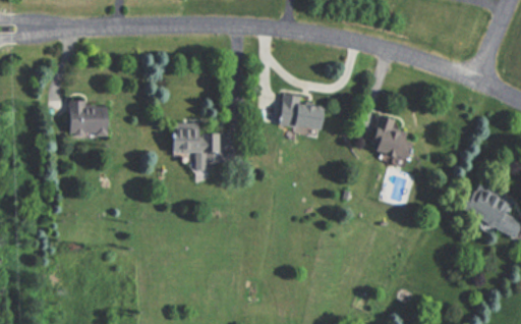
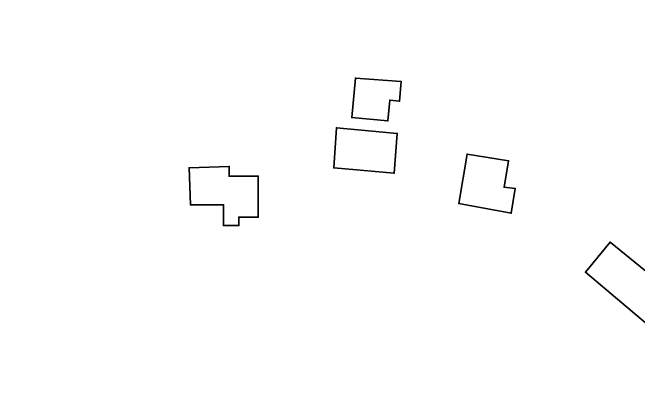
building: none -> [352,78,401,121]
building: [68,103,110,138] -> none

